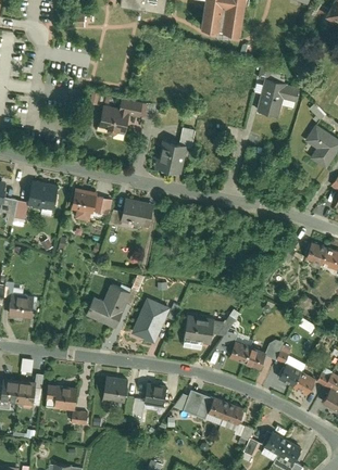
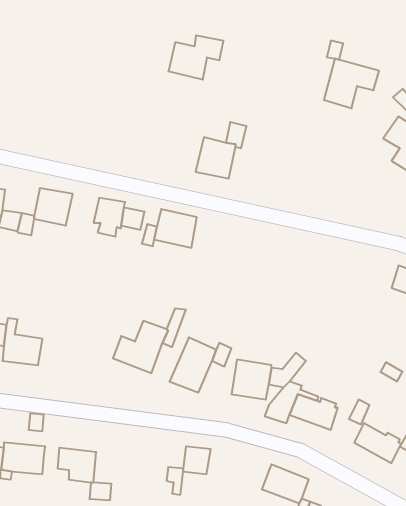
building: [98,99,141,134] -> [168,35,224,80]
building: [102,377,129,403] -> none
building: [184,391,213,420] -> none

